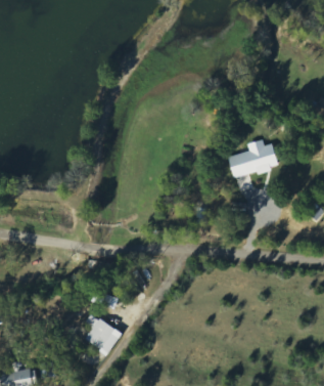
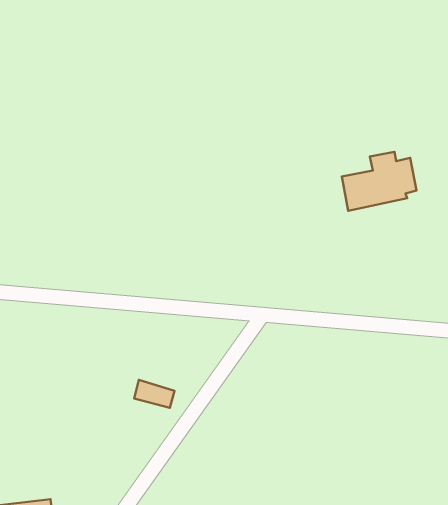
building: [85,314,122,354] -> none

